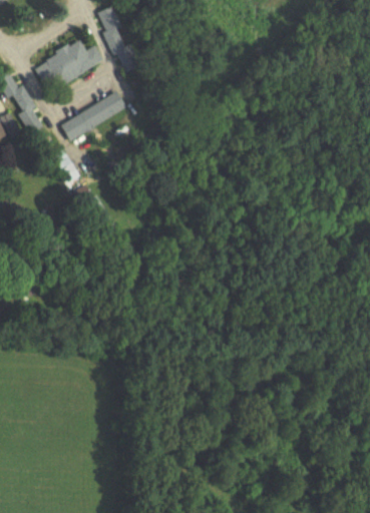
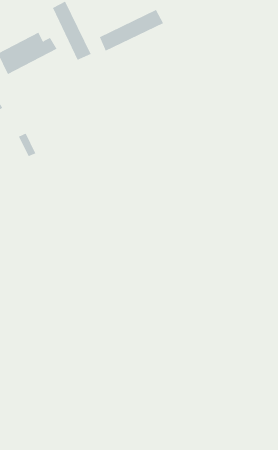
building: none -> [99,9,164,52]
building: [59,93,126,140] -> none

